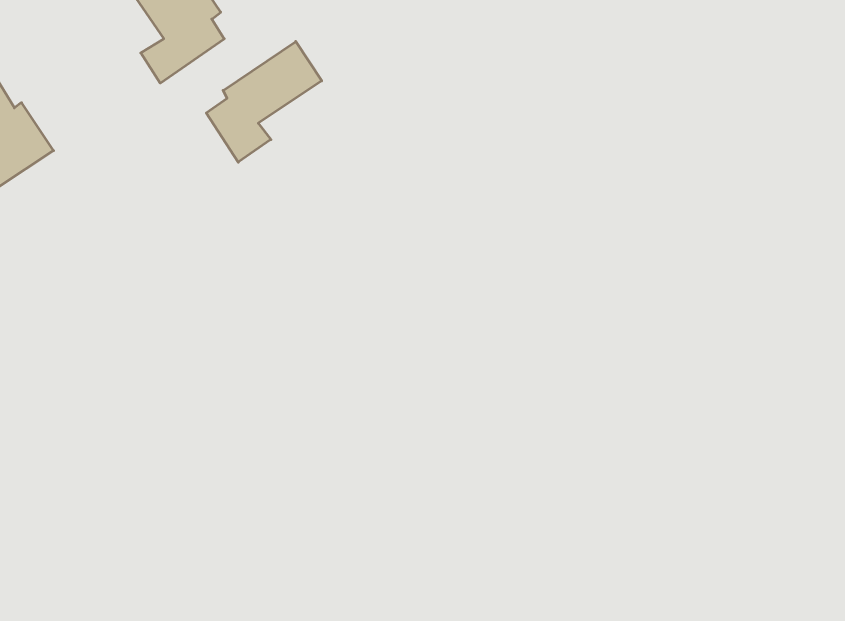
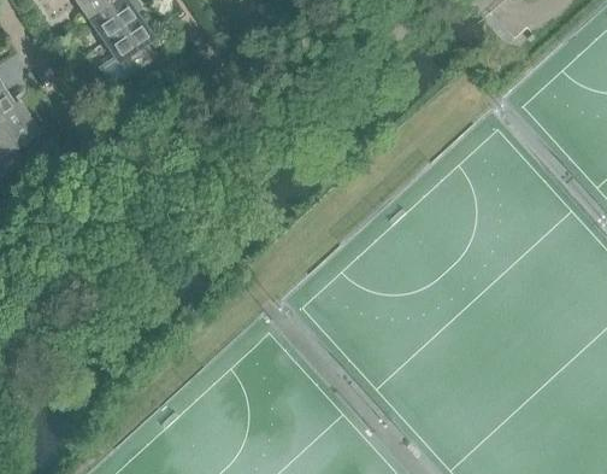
building: [206,41,322,162] -> none

